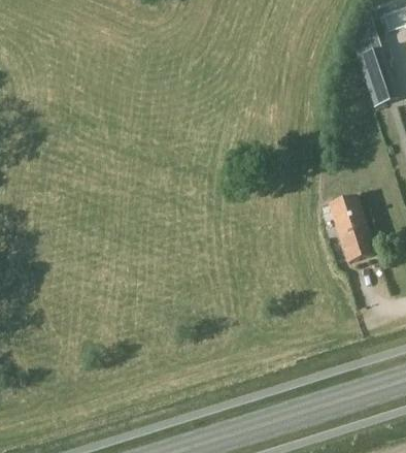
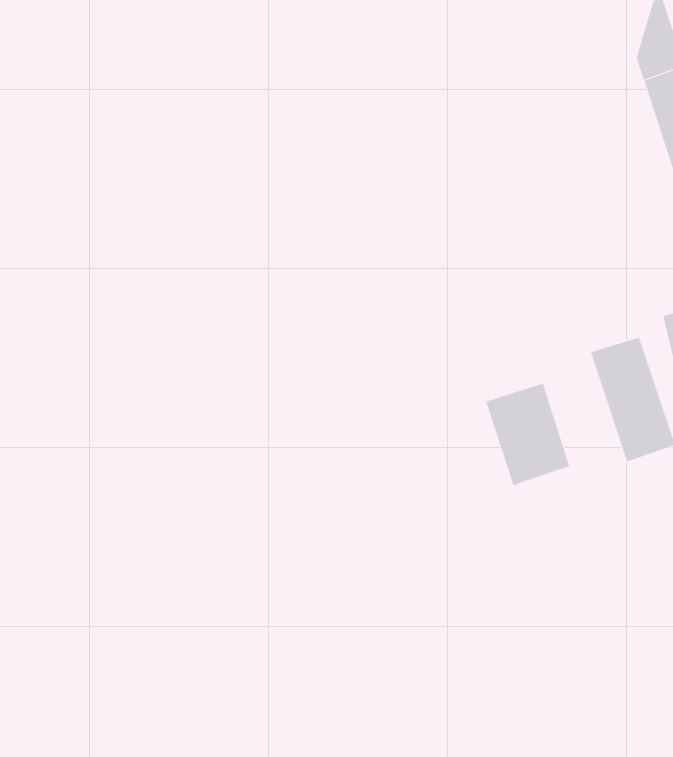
building: none -> [485,383,570,486]

